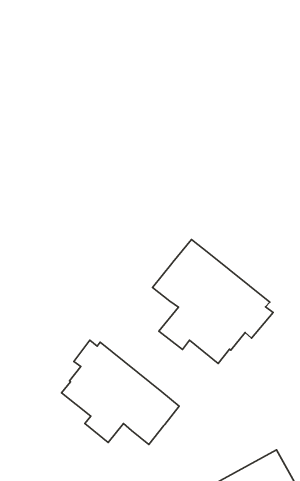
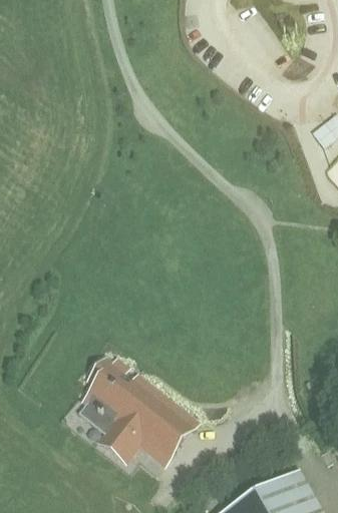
building: [152,240,273,364] -> none

